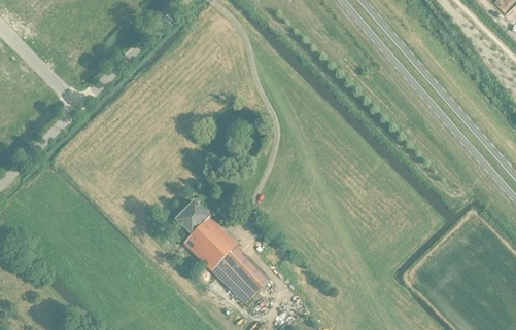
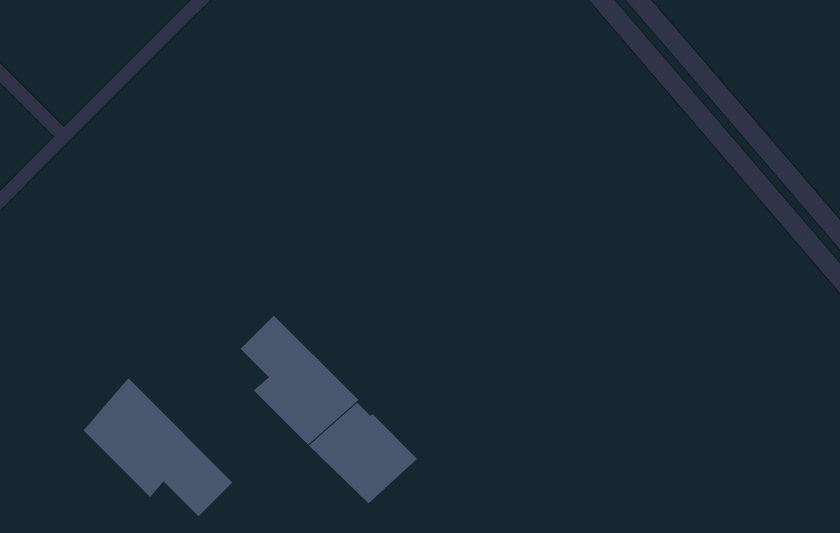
building: none -> [83,378,233,517]

